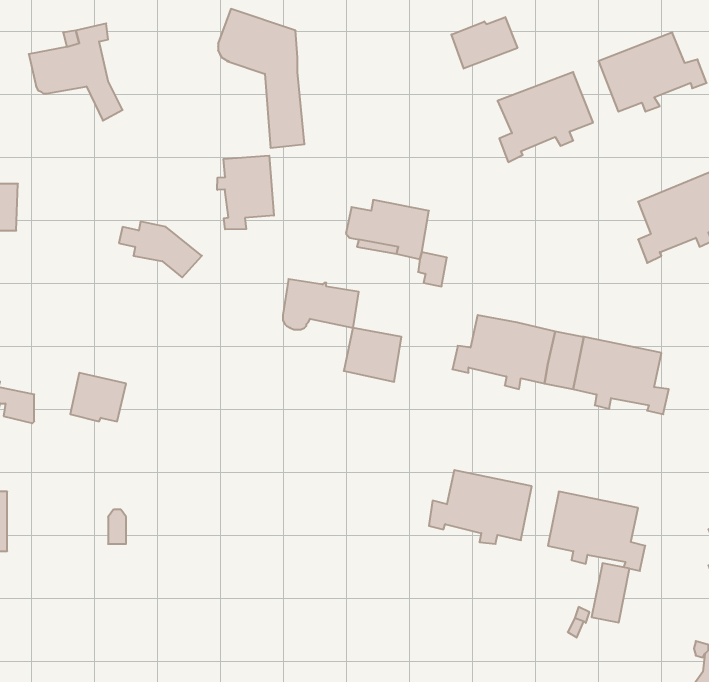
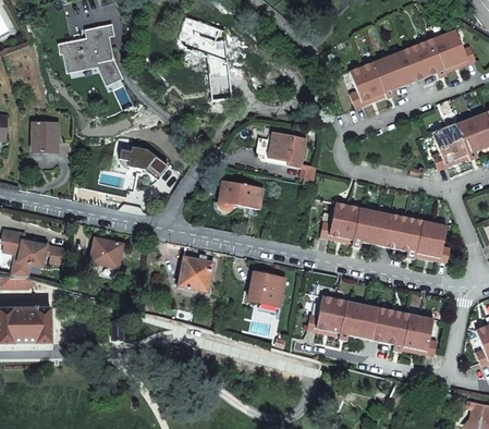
building: [451,17,517,69] -> none
building: none -> [393,48,420,85]
building: [217,156,274,229] -> none
building: [344,328,401,382] -> [248,273,283,306]
building: none -> [178,244,212,291]
building: [592,563,629,623] -> [362,305,384,341]

